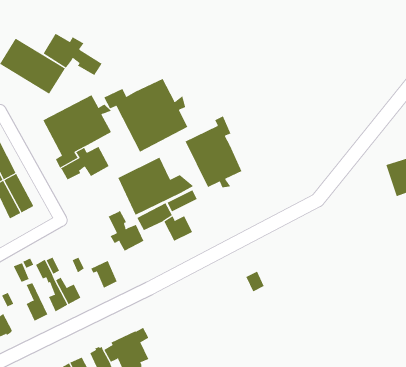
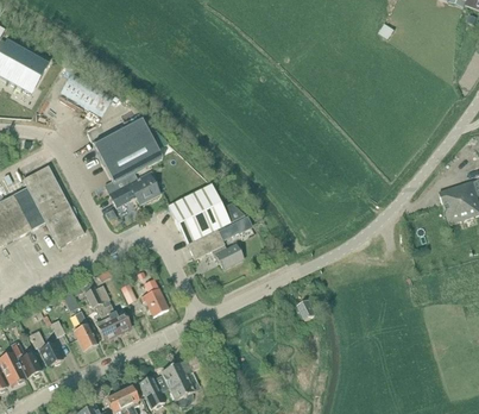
building: [43,33,103,76] -> none
building: [104,78,188,153] -> none
building: [185,115,242,188] -> none
building: [108,210,144,251] -> none

